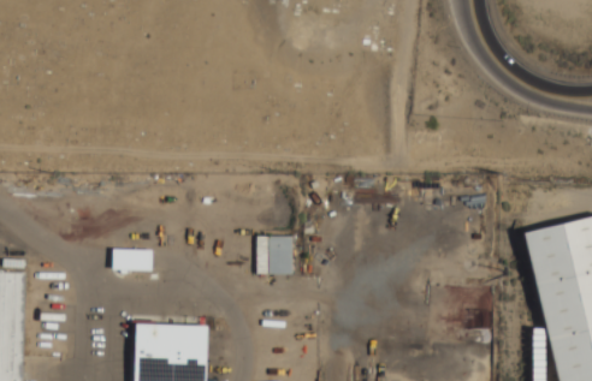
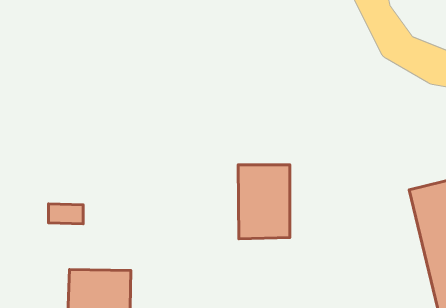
building: none -> [238,165,290,239]
building: [256,237,291,274] -> none

